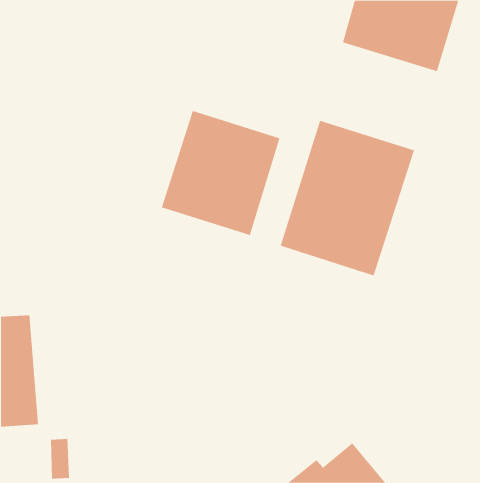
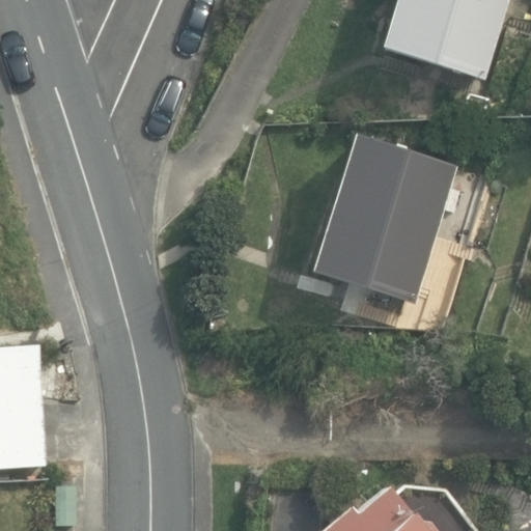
building: [161,110,280,236] -> none

